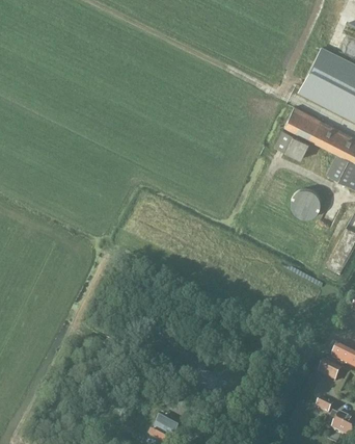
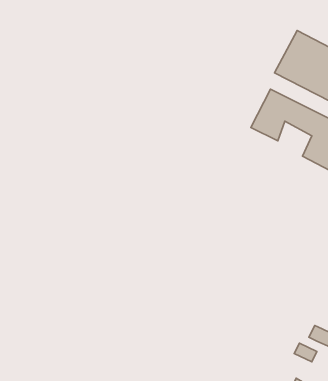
building: [292,189,322,218] -> none

